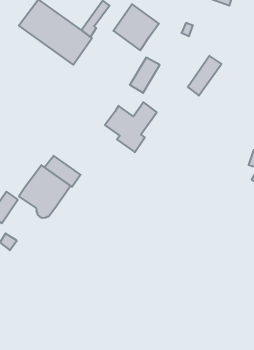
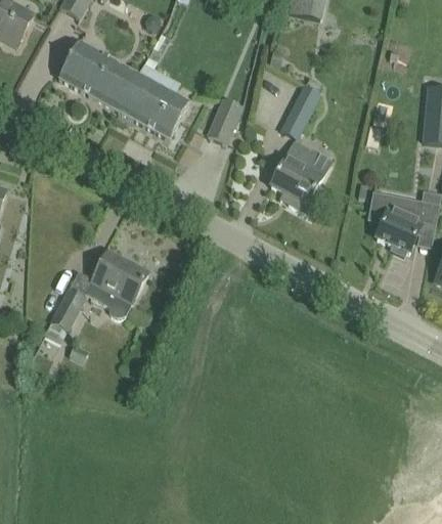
building: [113,4,159,50] -> [132,81,188,138]
building: [105,102,157,152] -> [269,149,333,214]
building: [45,156,81,187] -> none

